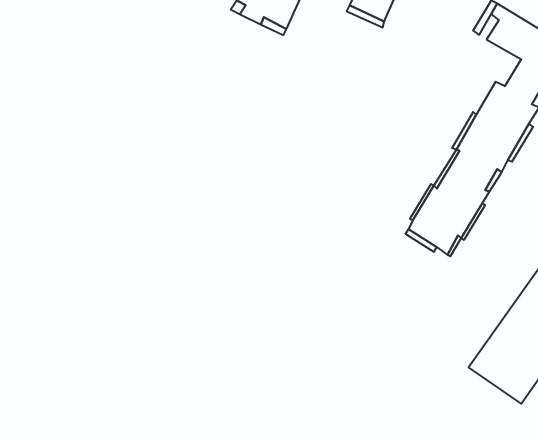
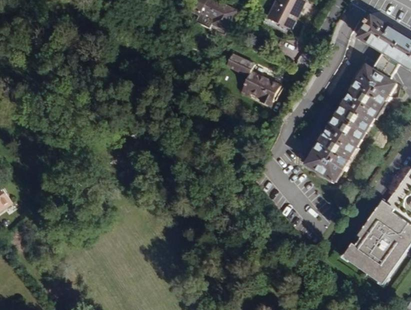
building: none -> [226,53,280,106]

